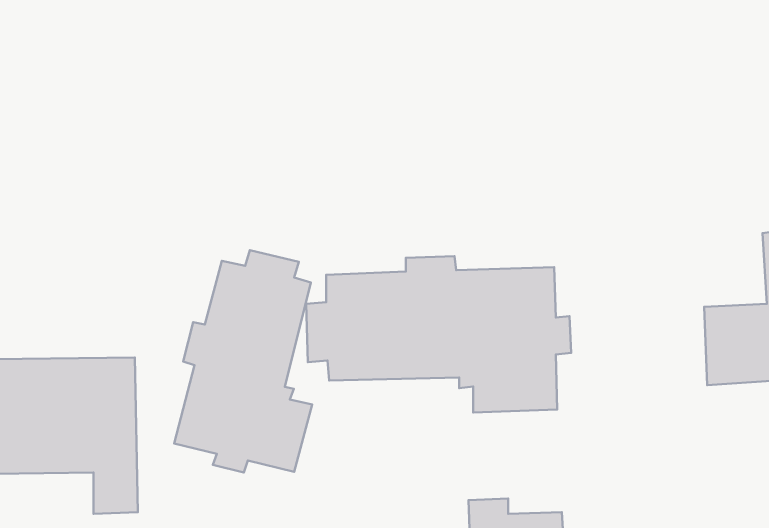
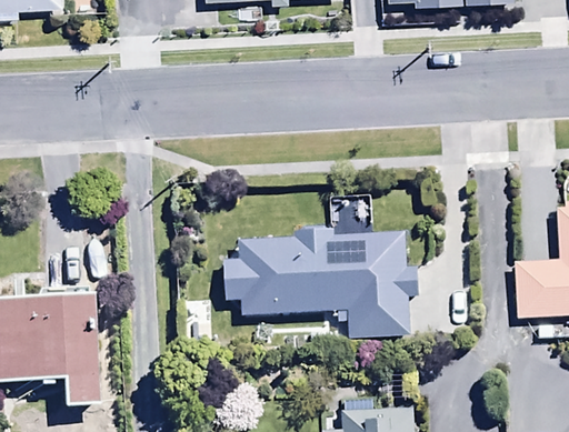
building: [174,250,312,473] -> none

